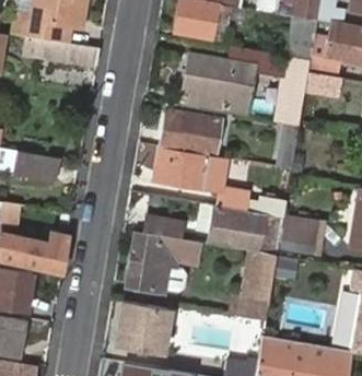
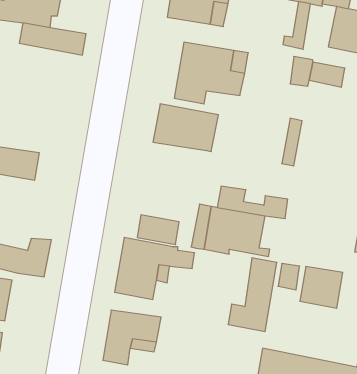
building: [159,146,230,188] -> none
building: [281,216,320,255] -> [300,267,343,308]

